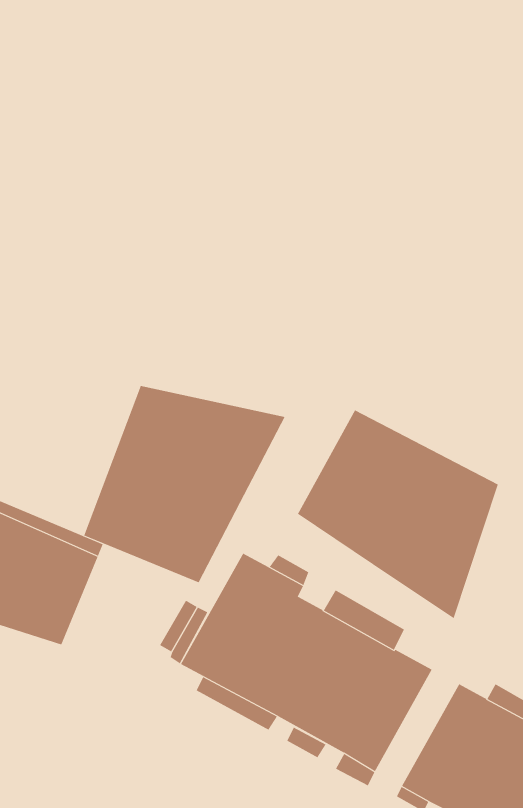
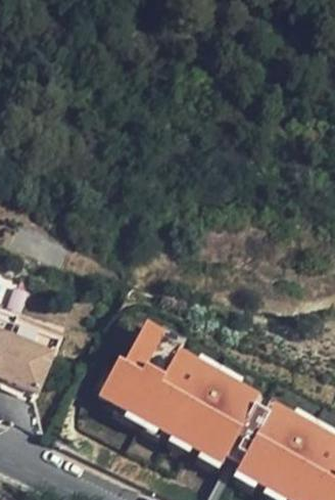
building: [83,385,285,583] -> none
building: [297,410,499,619] -> none

